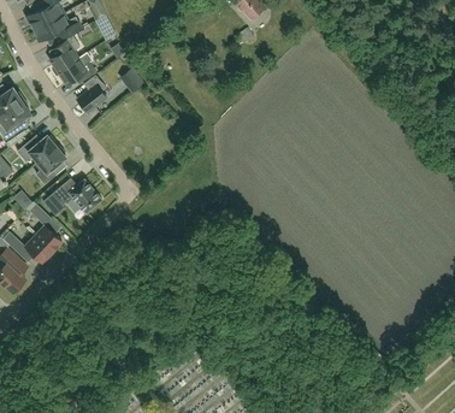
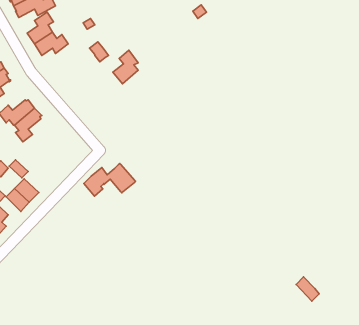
building: [76,73,105,112] -> [113,50,138,84]
building: [42,178,101,216] -> [84,163,135,196]

